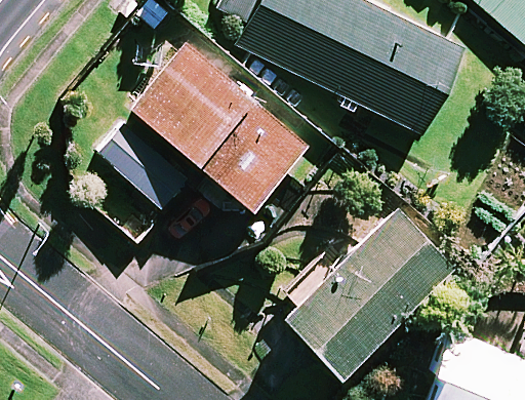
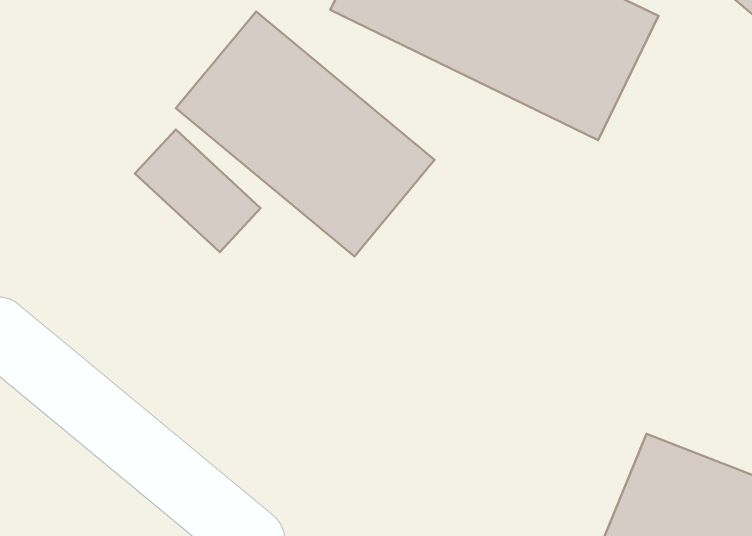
building: [281,208,450,369] -> none

